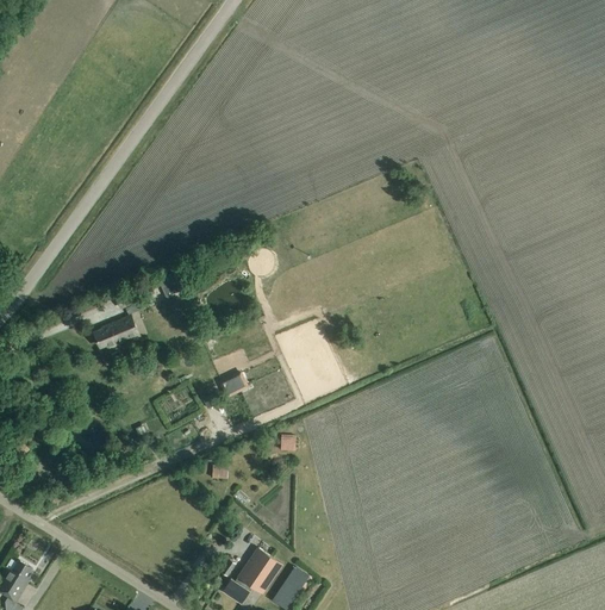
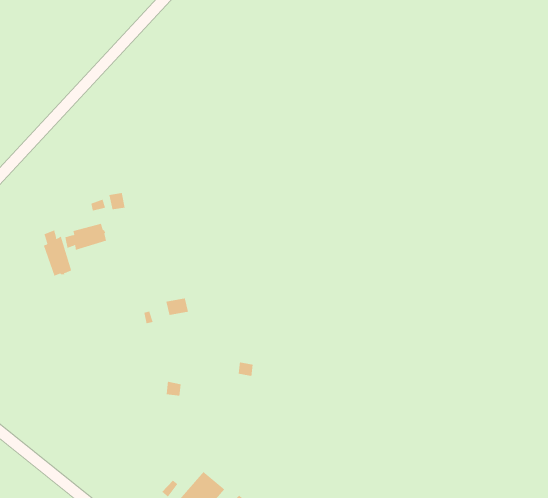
building: none -> [43,229,72,276]

